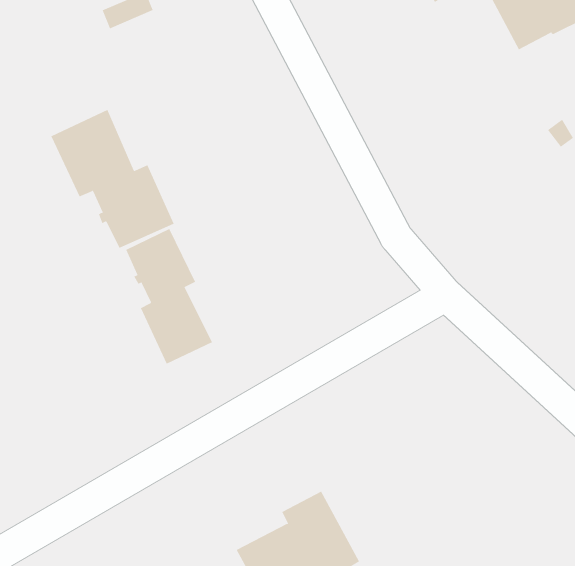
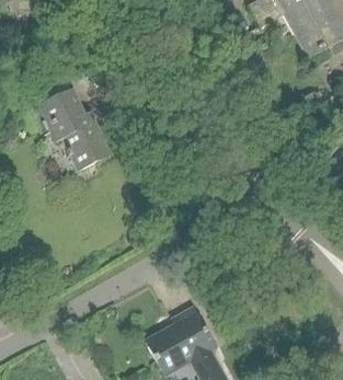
building: [126,228,213,364] -> none

